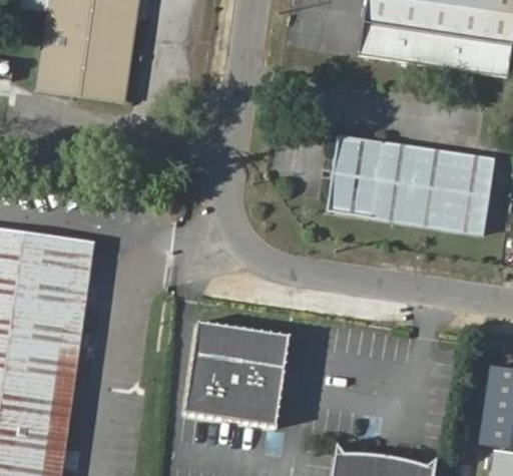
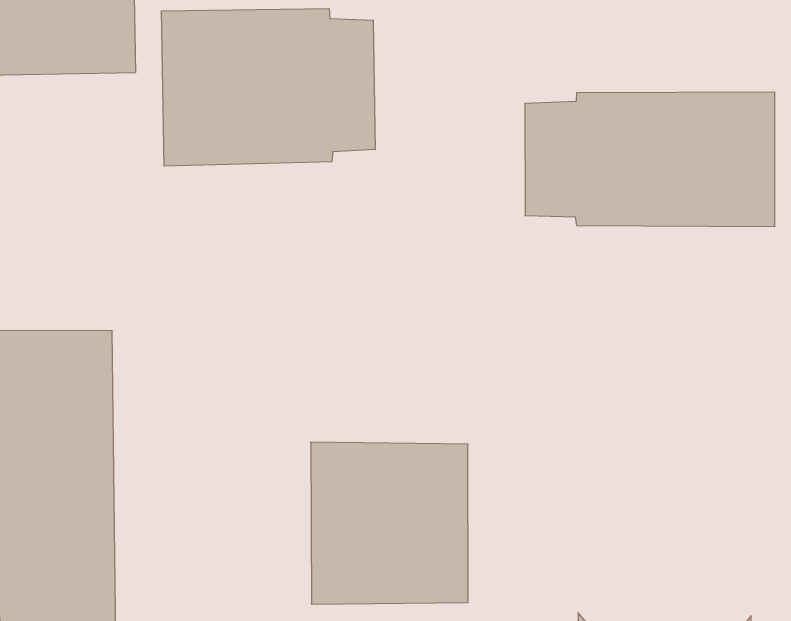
building: none -> [161,9,375,166]
building: [326,136,380,218] -> none

